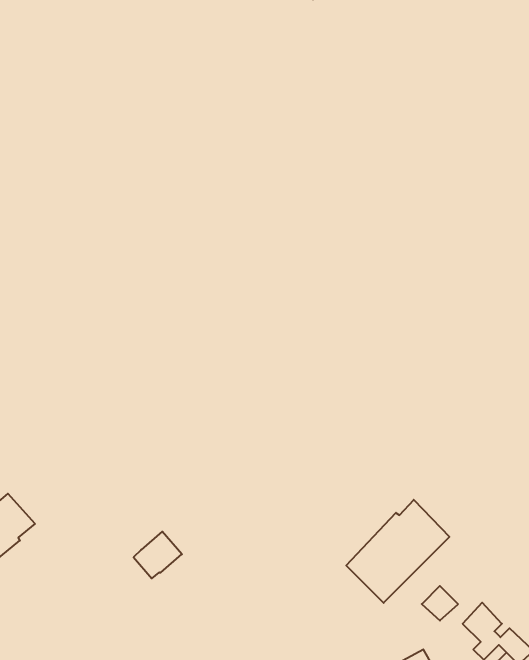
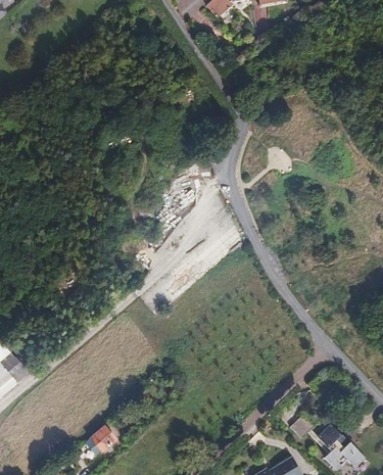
building: [346,500,449,603] -> none
building: [134,532,182,578] -> [83,423,115,455]

